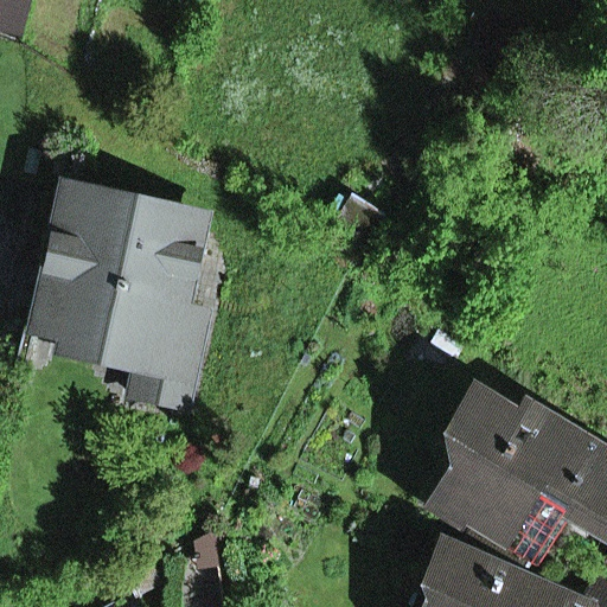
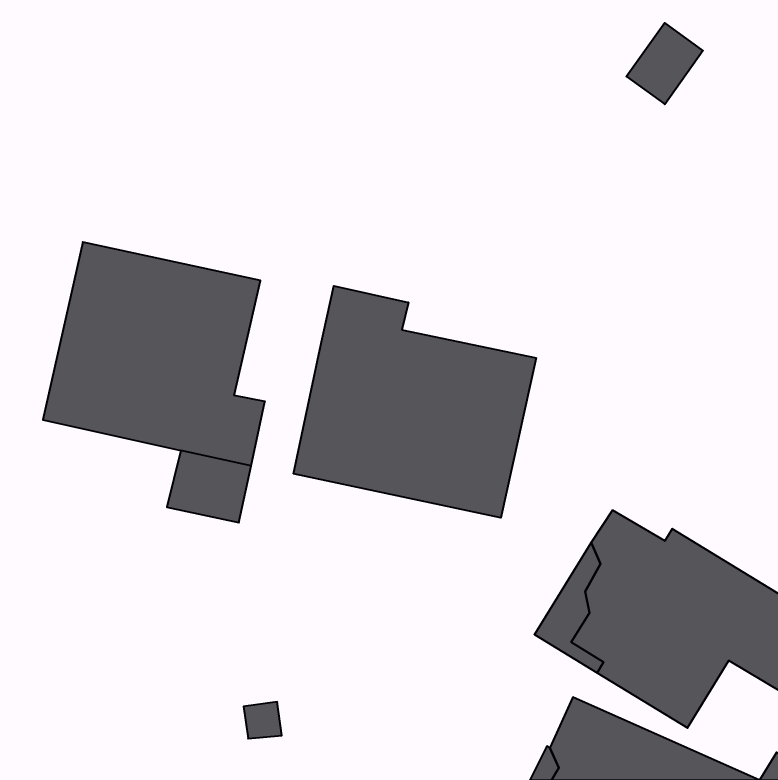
building: none -> [294,286,536,518]

